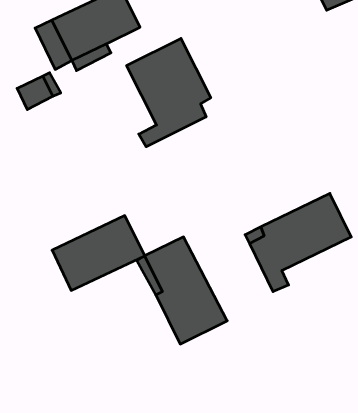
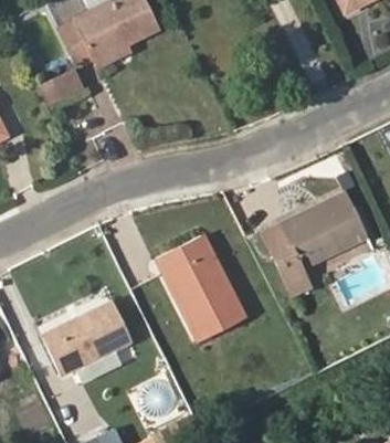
building: [127,38,211,147] -> none
building: [52,216,145,290] -> [41,302,133,376]

